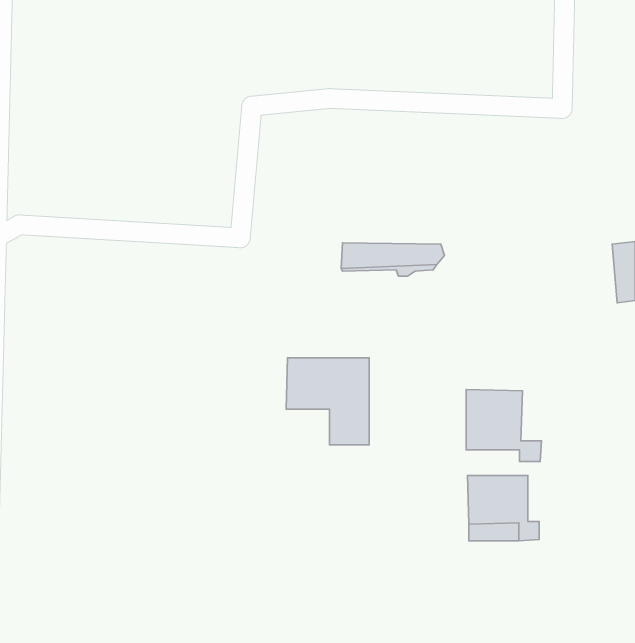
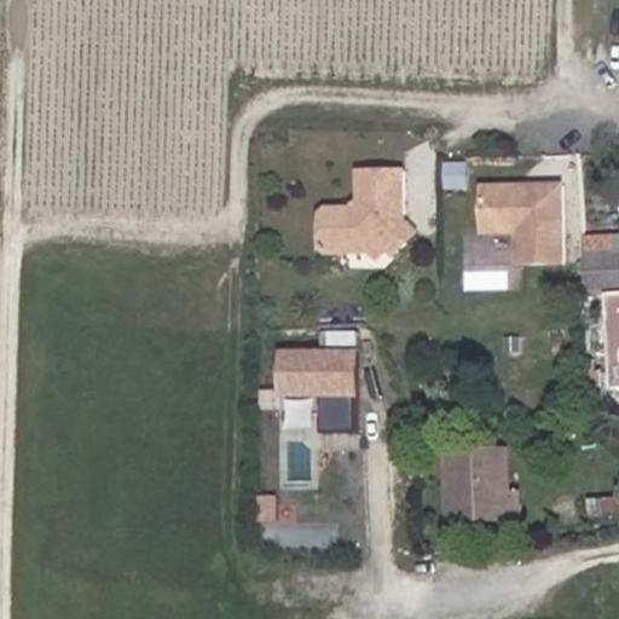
building: none -> [324,180,417,231]
building: none -> [478,181,563,262]
building: [466,390,542,462] -> none

